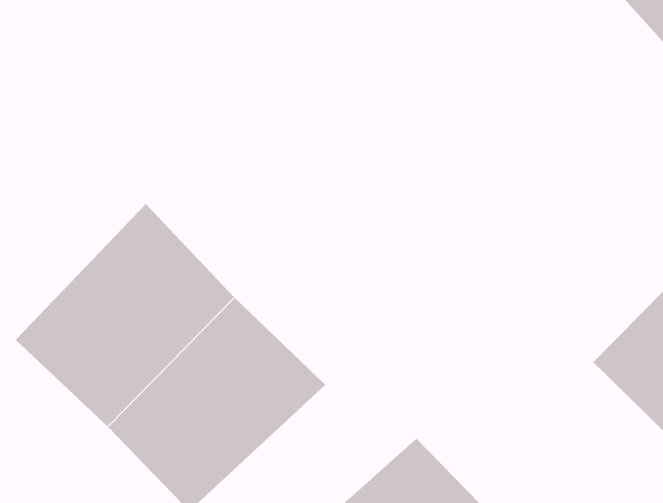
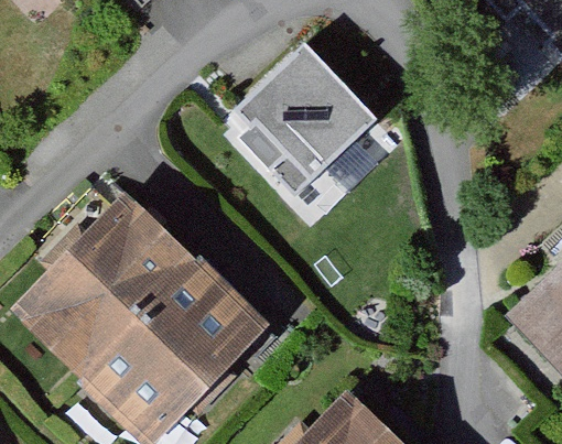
building: none -> [220,43,390,214]

